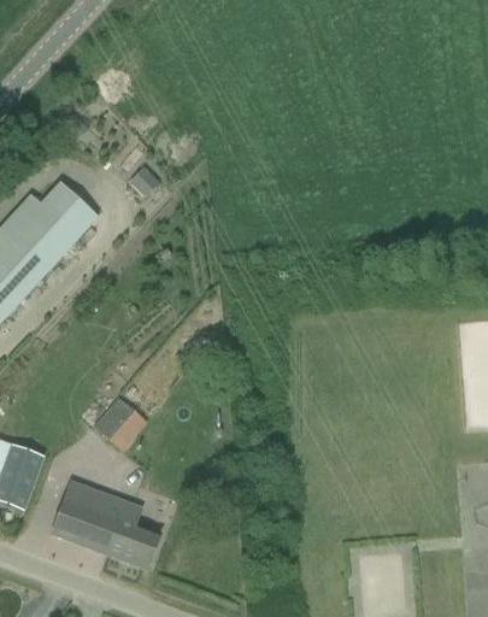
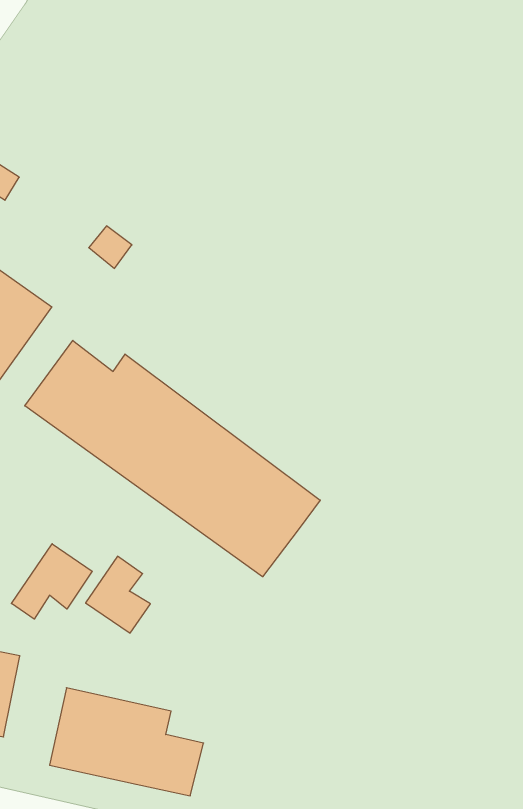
building: none -> [25,340,320,577]
building: none -> [11,544,92,619]

